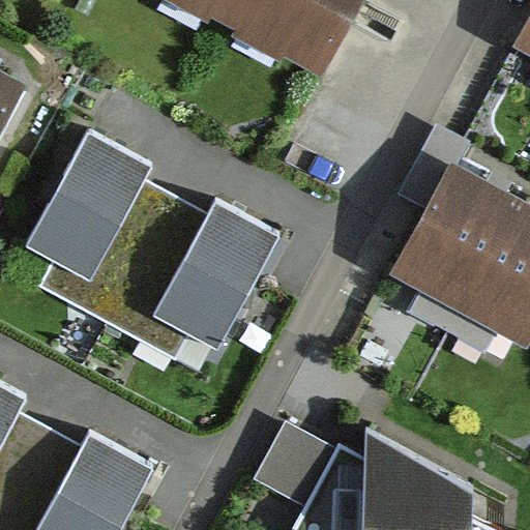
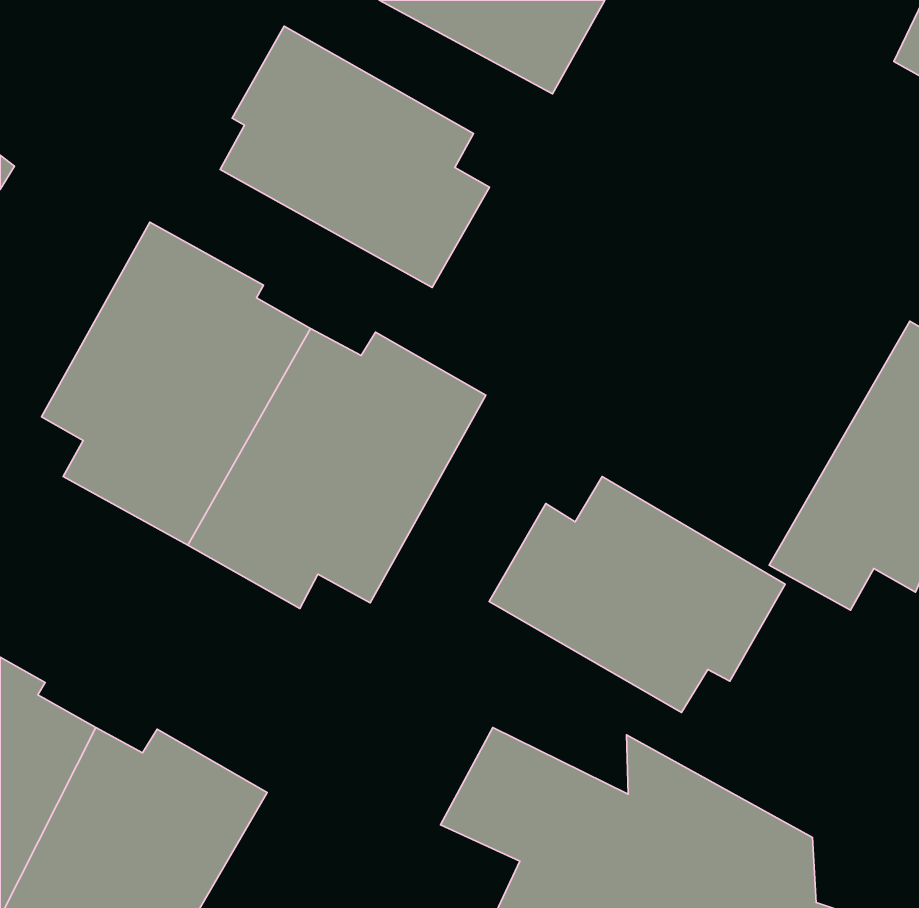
building: none -> [220,26,490,288]
building: [388,123,524,332] -> none
building: none -> [489,477,785,713]

